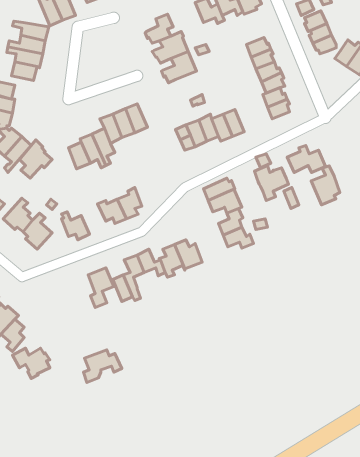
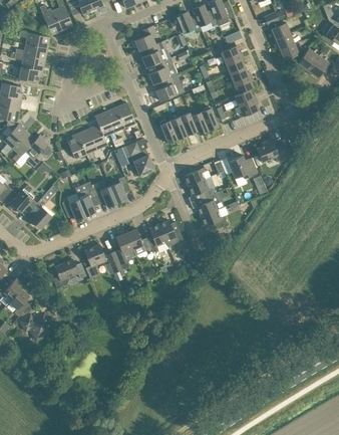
building: none -> [155,74,185,100]
building: none -> [121,141,154,175]
building: [311,166,340,205] -> none
building: none -> [76,187,99,215]
building: [83,350,122,382] -> [53,259,86,287]

